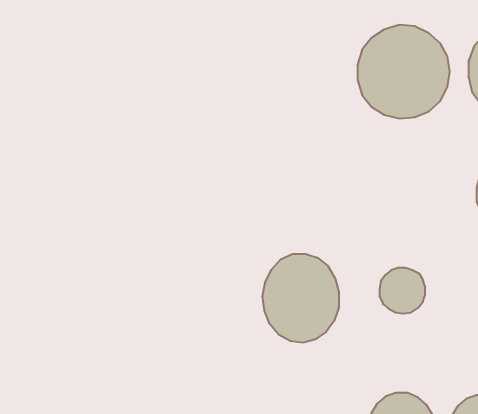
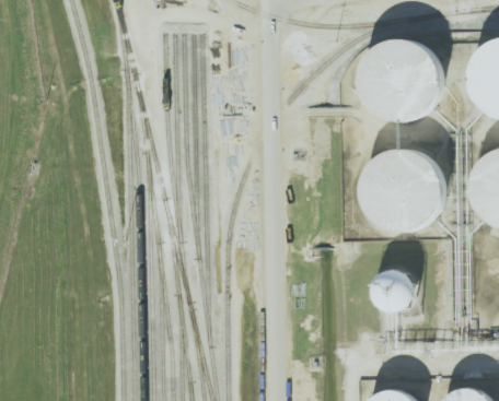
building: none -> [358,156,438,236]
building: [263,254,339,343] -> none

